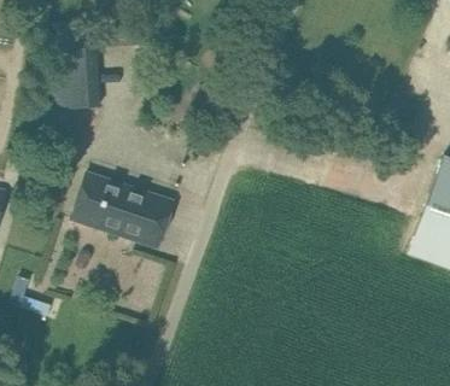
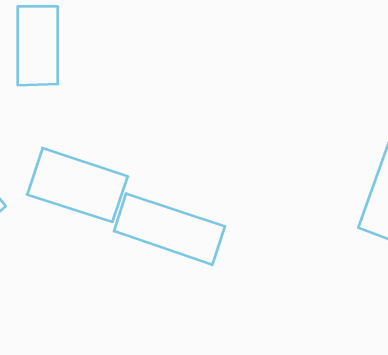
building: none -> [114,193,225,265]

